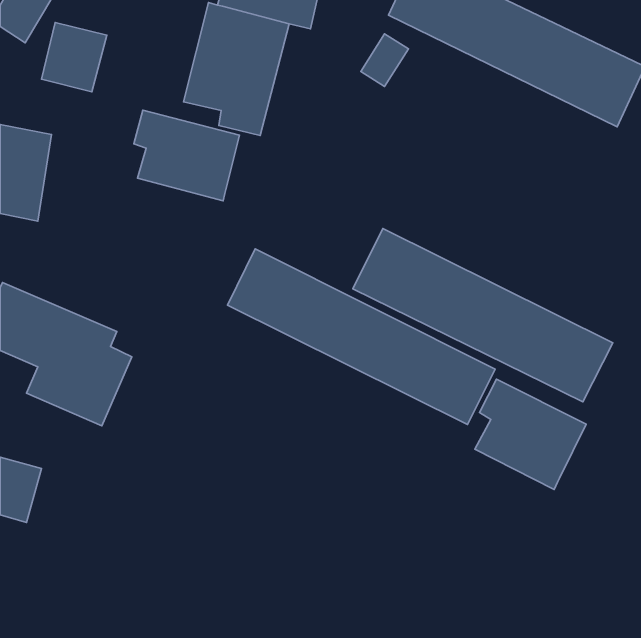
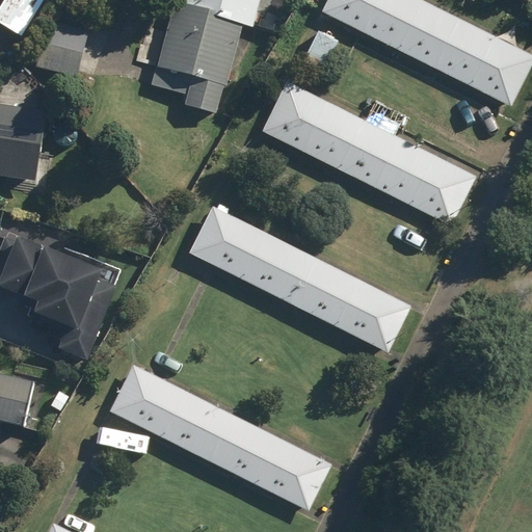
building: [134,110,239,201] -> none
building: [353,229,613,402] -> [262,81,477,224]
building: [475,379,586,489] -> none
building: none -> [109,362,334,512]

